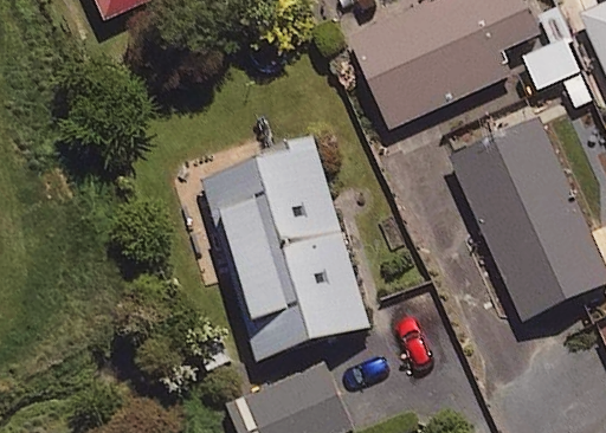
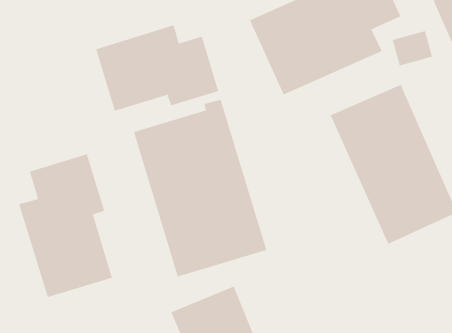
building: none -> [96,24,219,111]
building: none -> [18,153,113,298]

